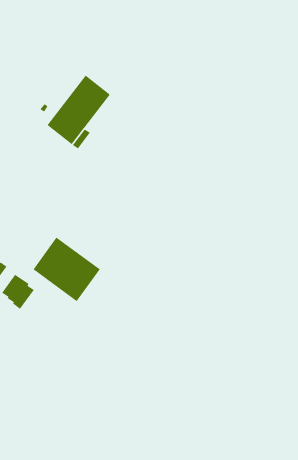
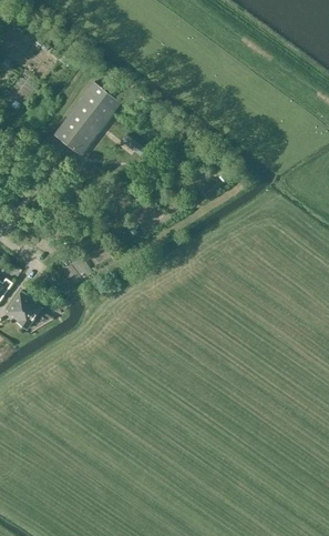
building: [32,236,101,302] -> none

